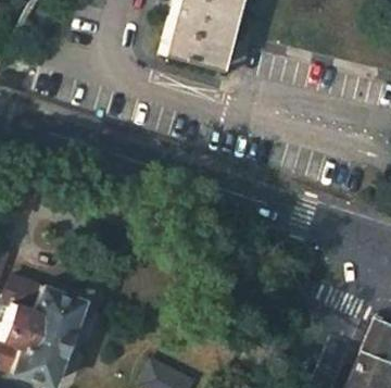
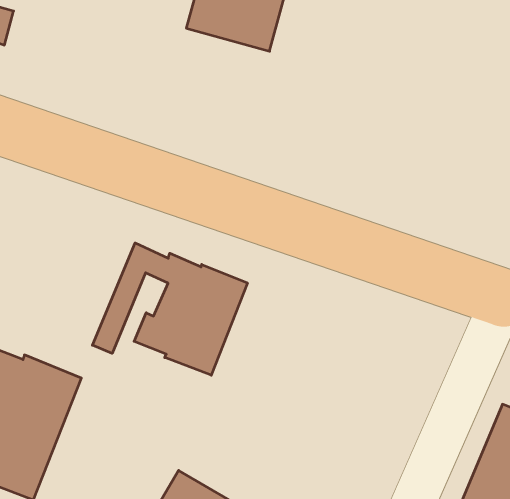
building: none -> [92,243,247,375]

